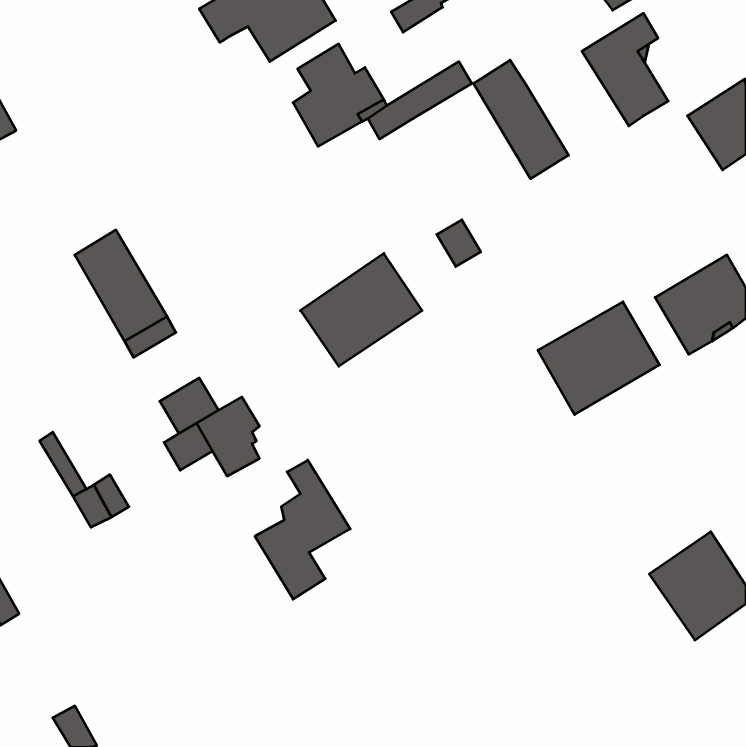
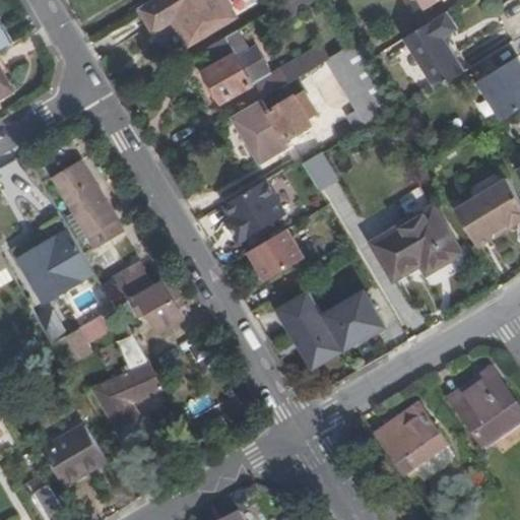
building: none -> [229,89,316,164]
building: none -> [248,228,304,279]
building: none -> [17,229,92,302]
building: none -> [278,290,383,366]
building: [255,460,350,599] -> [96,340,162,437]
building: none -> [374,404,445,473]
building: none -> [42,425,104,483]

